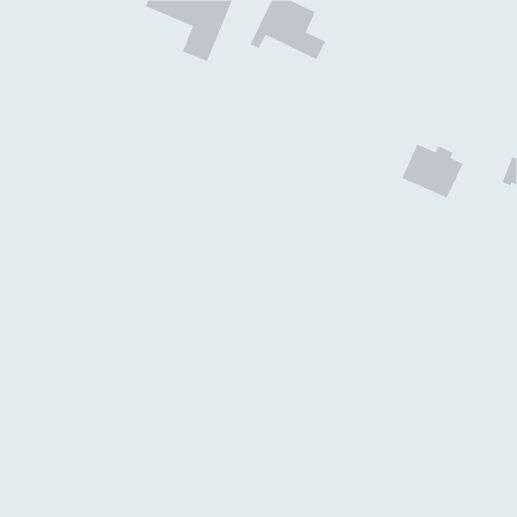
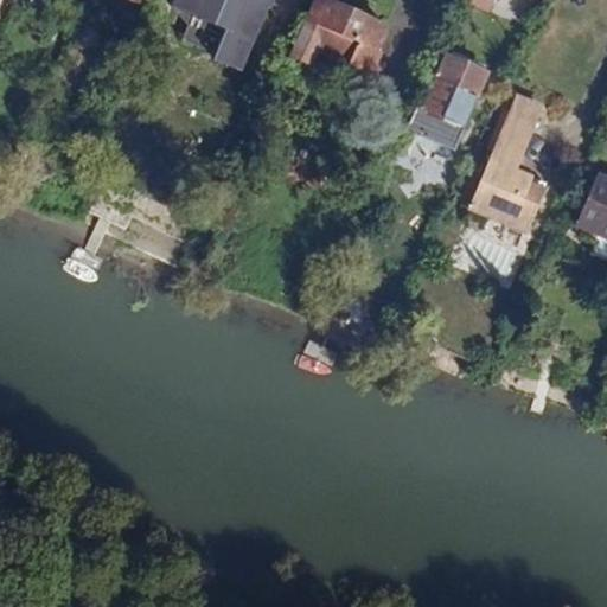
building: none -> [409,52,487,143]
building: none -> [488,98,545,178]

